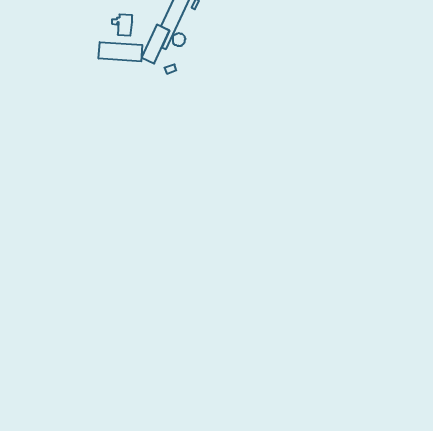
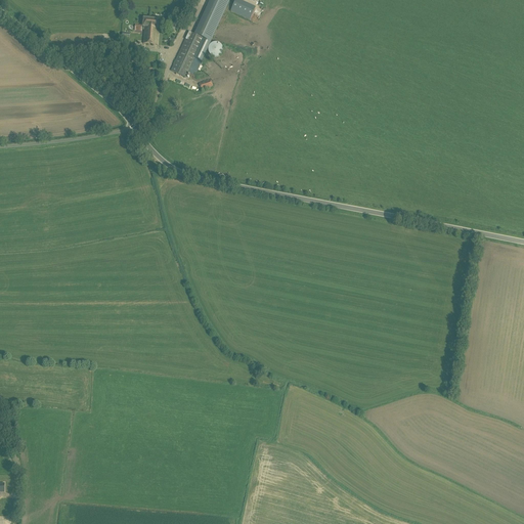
building: [99,42,142,61] -> none

